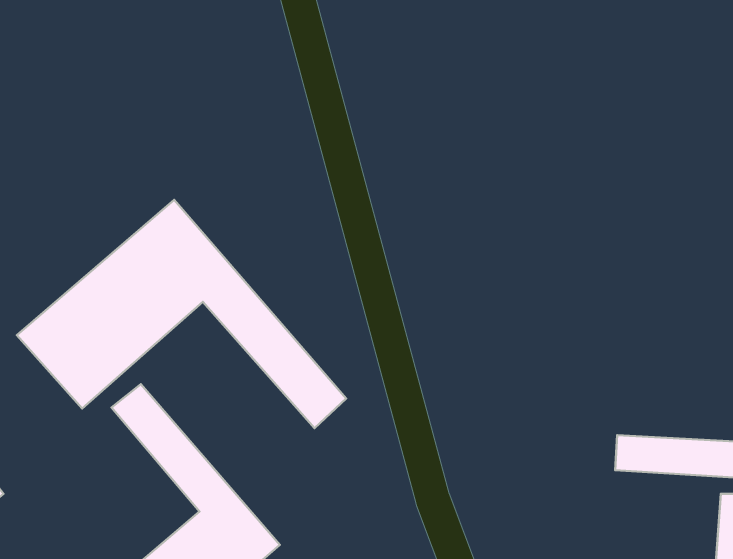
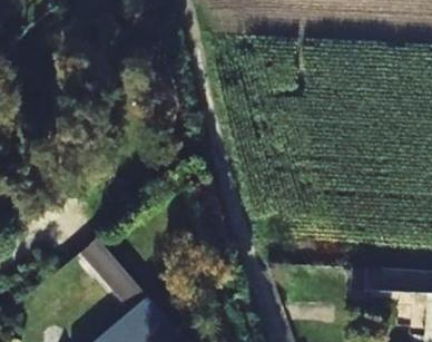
building: [17,200,346,428] -> none

